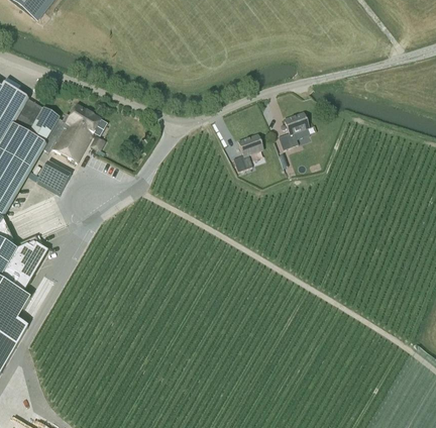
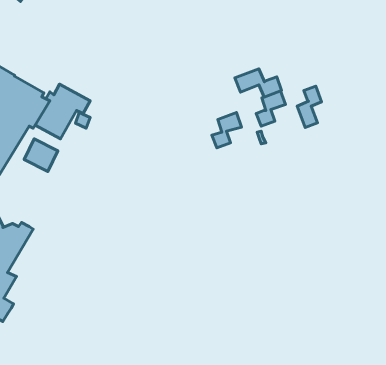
building: none -> [235,69,282,97]
building: none -> [297,86,322,128]

